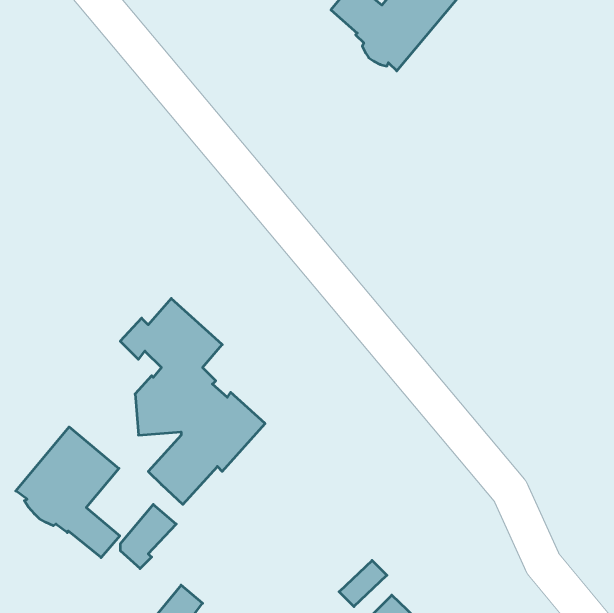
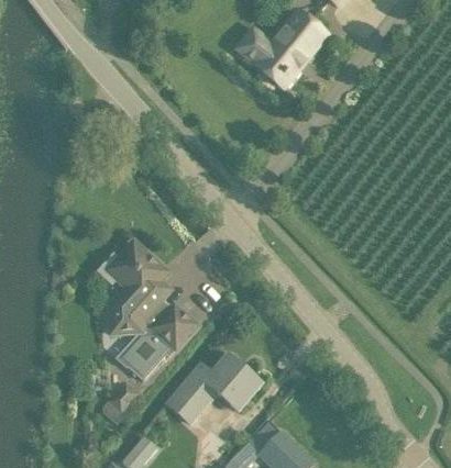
building: [16,427,120,558] -> none
building: none -> [167,355,260,421]

